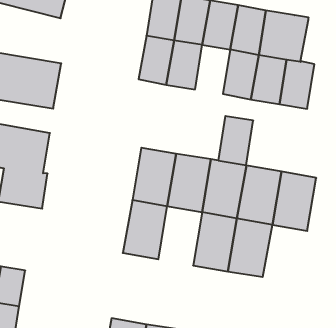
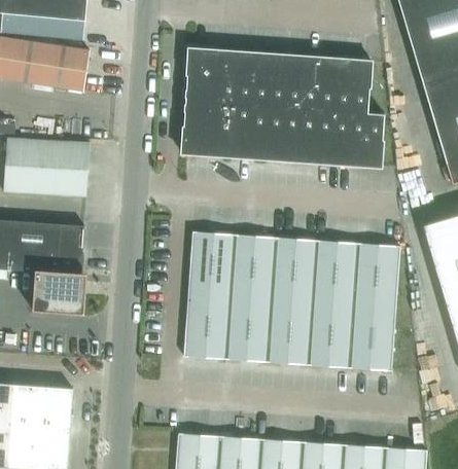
building: [218,116,253,165] -> [248,105,284,159]
building: none -> [225,296,271,362]
building: none -> [349,305,395,370]

